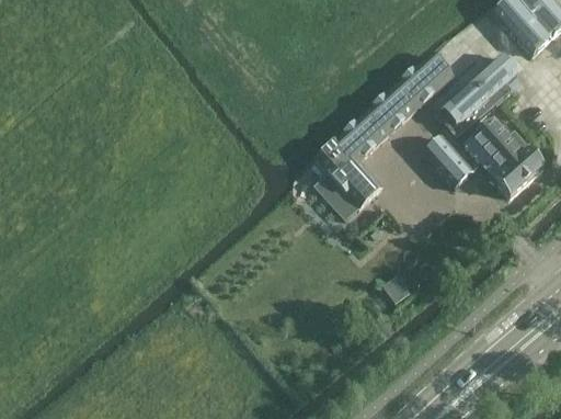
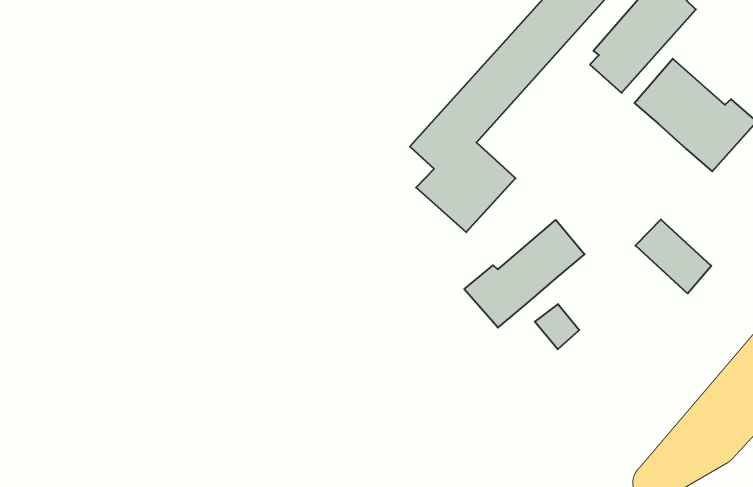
building: [423,136,471,186] -> [635,219,711,293]
building: none -> [464,220,585,328]

